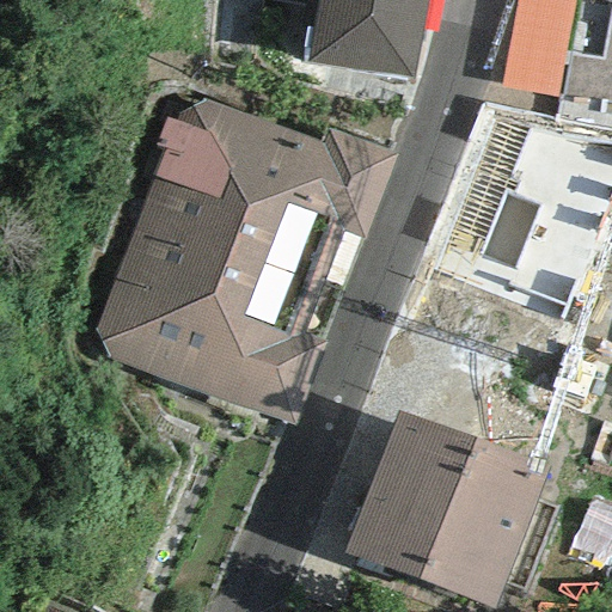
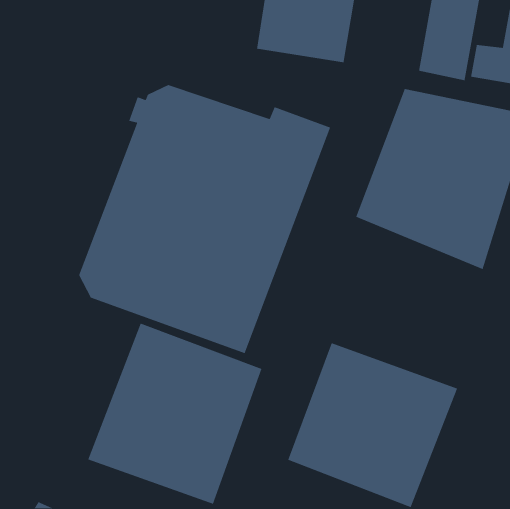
building: none -> [87,323,262,505]

